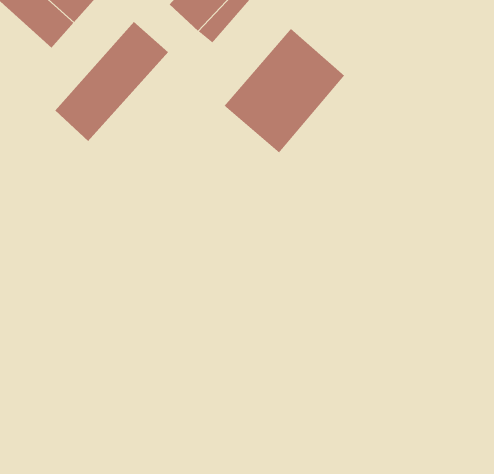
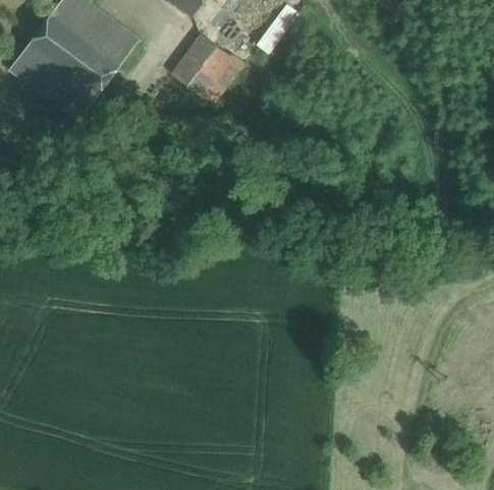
building: [54,21,169,142] -> none
building: [224,28,345,154] -> none

